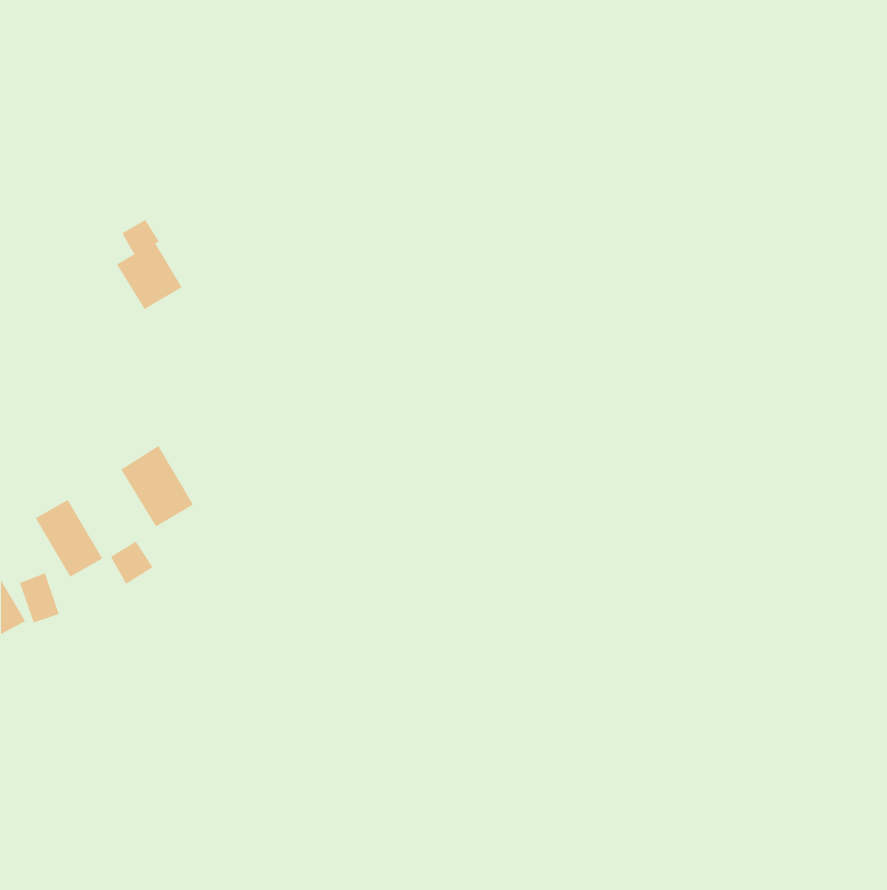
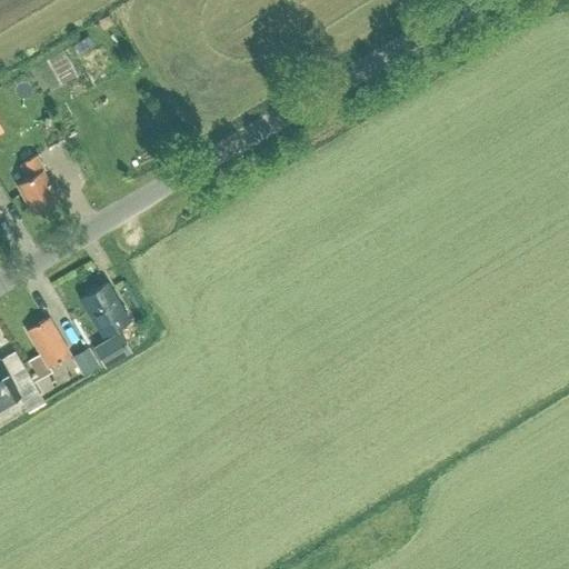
building: [116,219,183,310] -> [18,156,60,213]
building: none -> [94,333,132,366]

